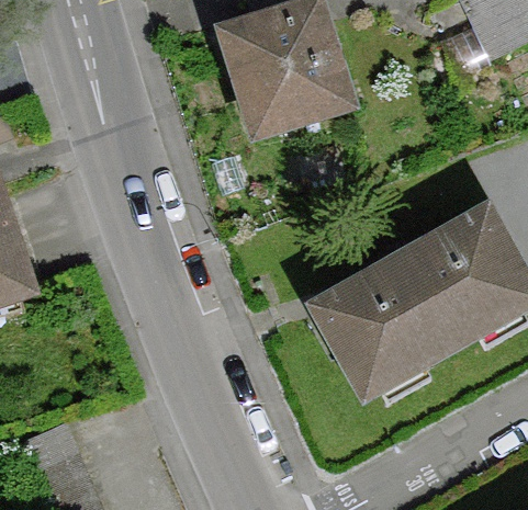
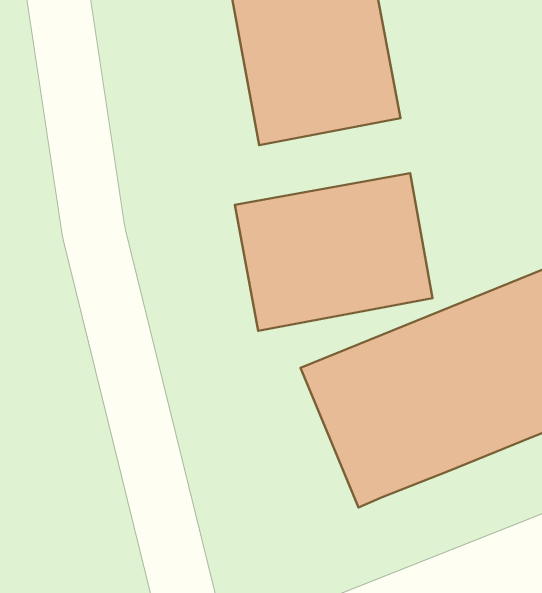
building: none -> [235,173,433,331]

